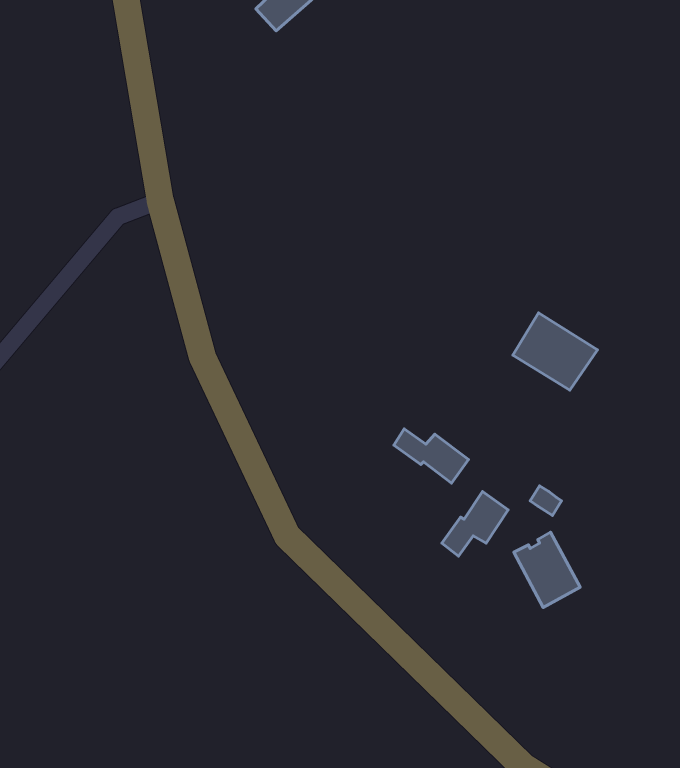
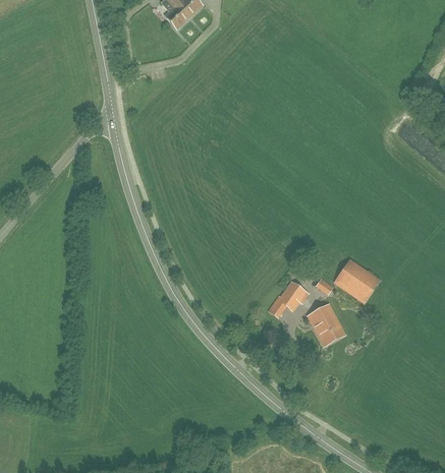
building: [513,313,597,390] -> [333,256,380,299]
building: [394,429,468,483] -> none

